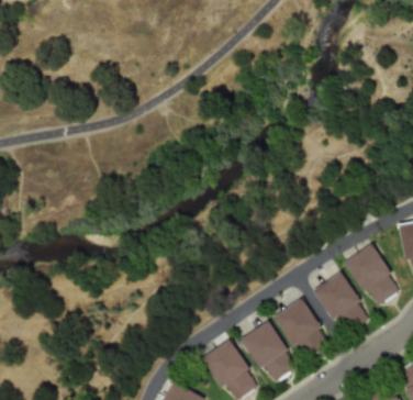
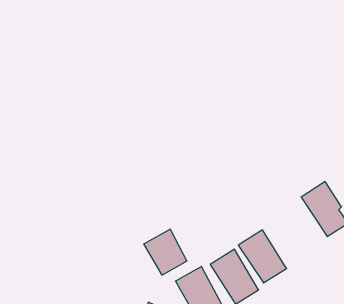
building: [314,273,368,333] -> none
building: none -> [144,229,187,275]

